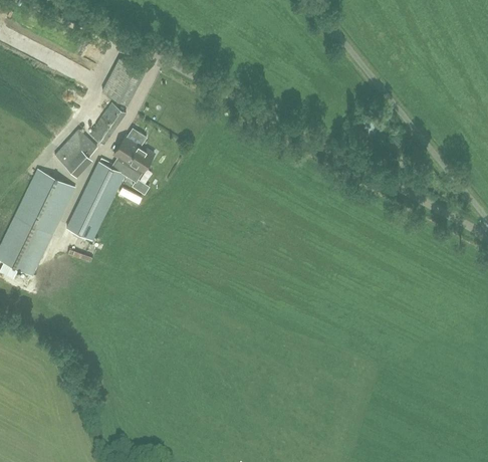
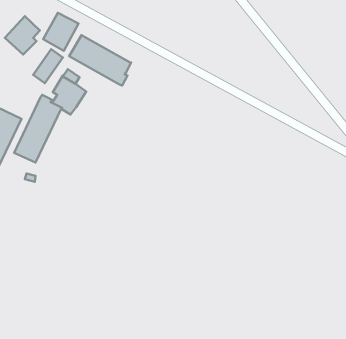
building: none -> [69,35,131,85]
building: [54,130,96,176] -> [5,16,40,54]

